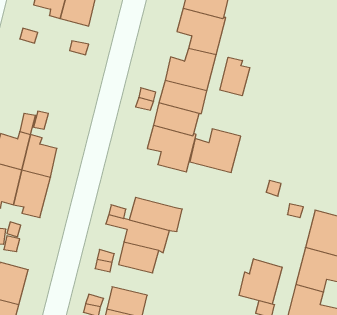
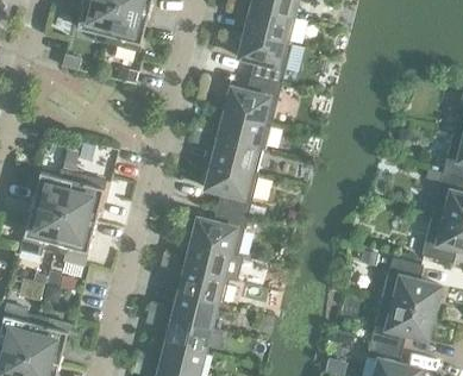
building: [220,57,250,96] -> none
building: [190,129,241,172] -> [192,206,249,255]
building: [239,259,282,304] -> none
building: none -> [165,318,211,352]

